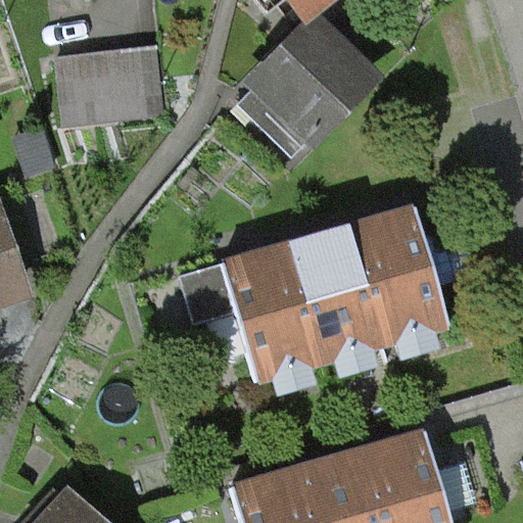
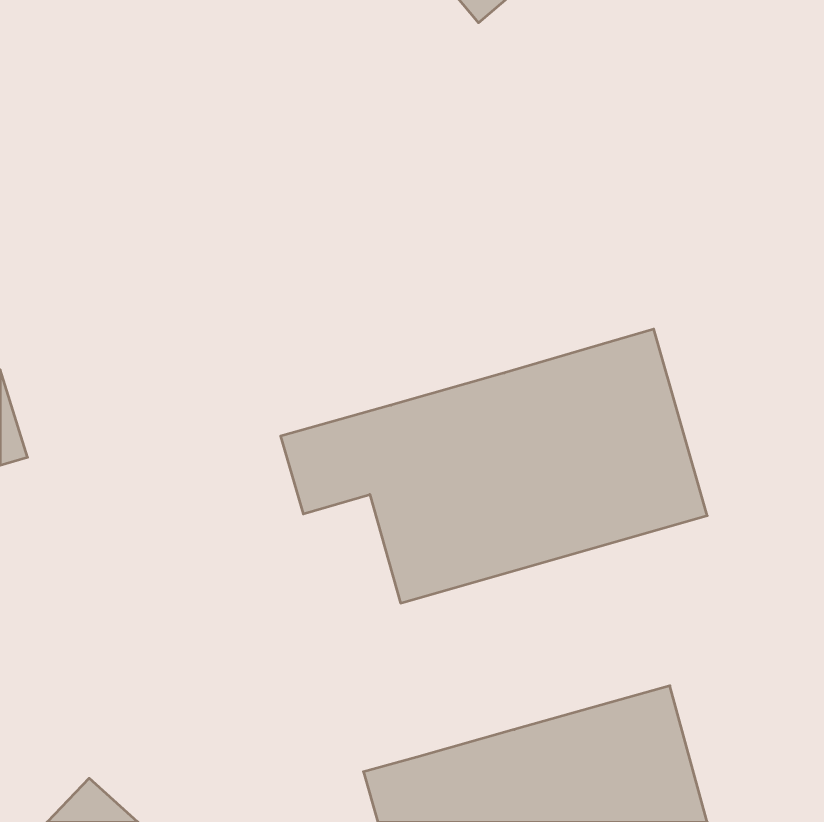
building: [240,26,368,155] -> none
building: [57,47,163,120] -> none

